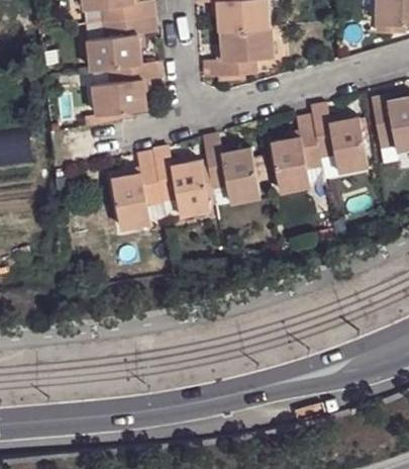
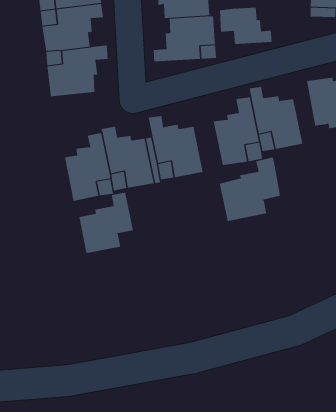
building: none -> [220,7,272,45]
building: none -> [219,157,281,222]
building: none -> [79,192,134,254]

